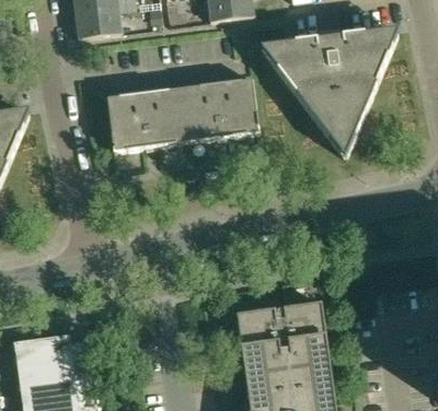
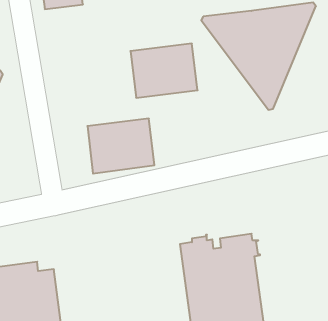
building: [106,86,185,151] -> [87,119,154,174]

